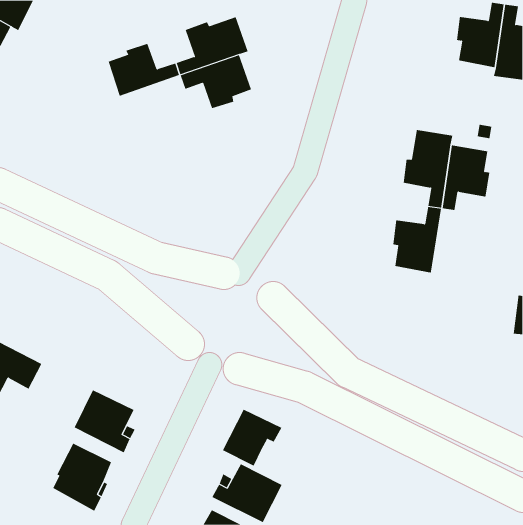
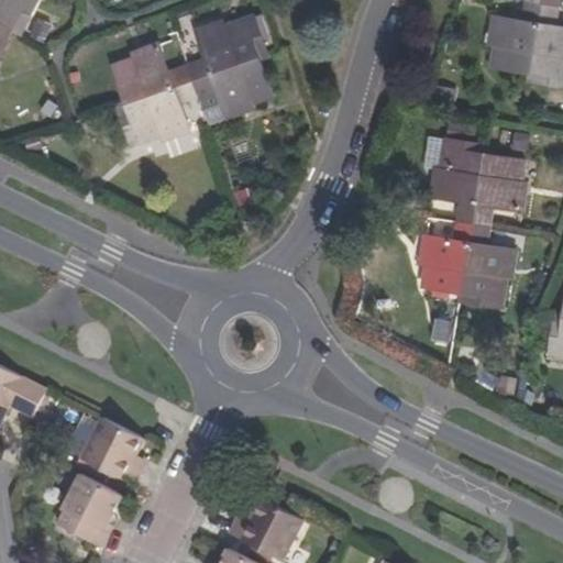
building: none -> [119,80,198,145]
building: none -> [461,223,515,308]
building: [222,409,282,467] -> none

